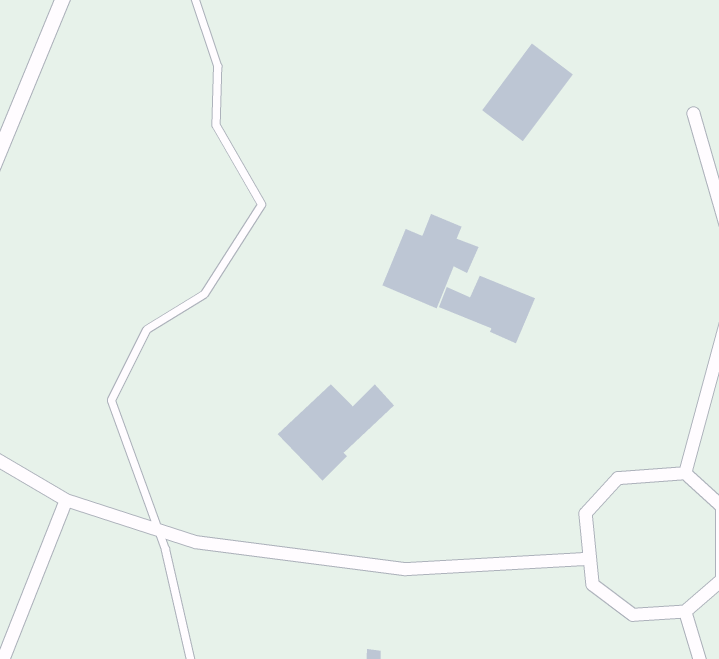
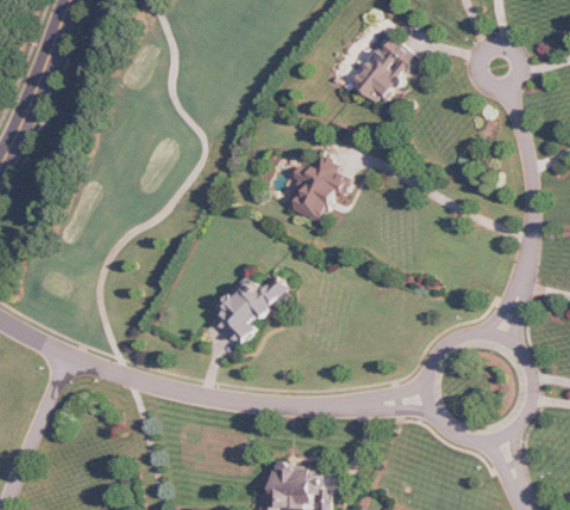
building: [438,275,536,344] -> none

